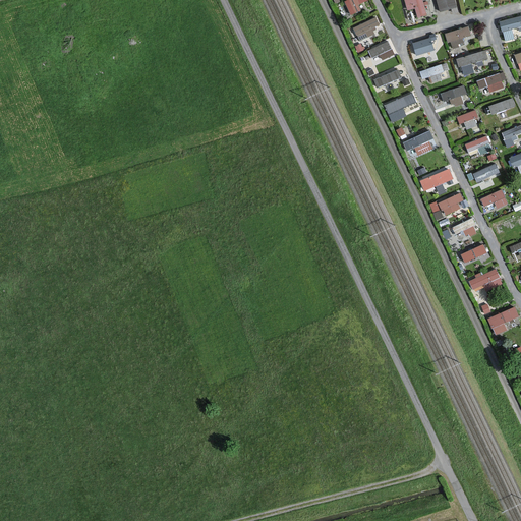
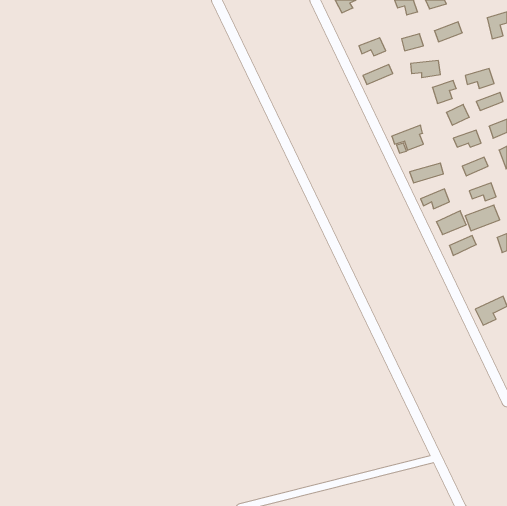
building: [352,14,382,47] -> none
building: [455,50,488,73] -> none
building: [384,92,416,123] -> none
building: [467,268,503,294] -> [465,205,500,231]

